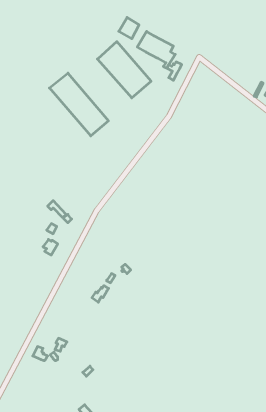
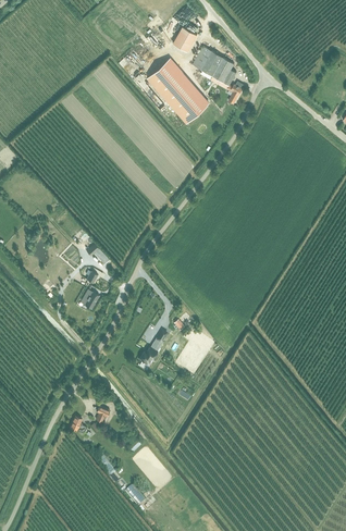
building: [49,73,108,136] -> none

